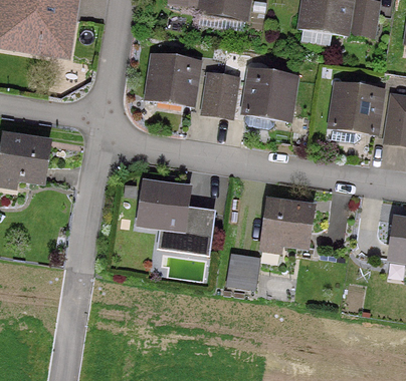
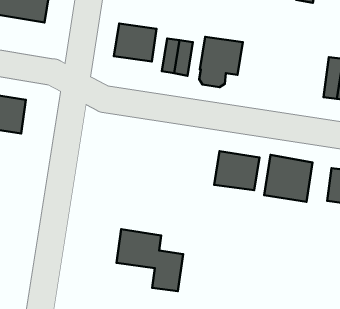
building: [330,84,380,141] -> none
building: [138,182,213,253] -> [117,229,183,291]
building: none -> [264,155,312,202]
building: [226,254,258,288] -> none

